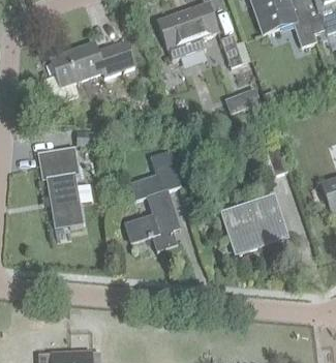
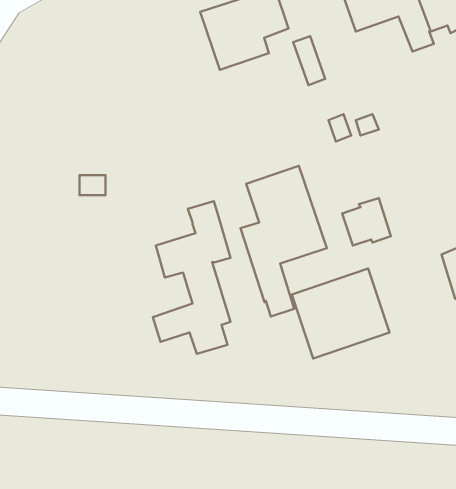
building: [43,38,135,101] -> none
building: none -> [241,166,327,316]
building: [38,148,83,228] -> none

